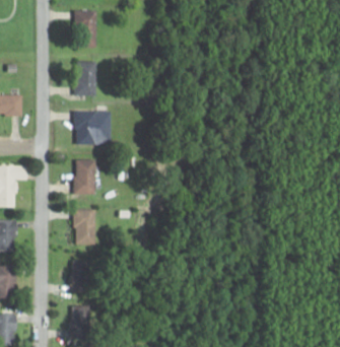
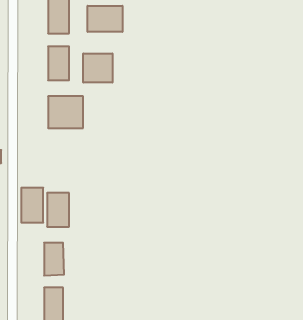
building: none -> [88,6,122,32]
building: none -> [83,53,112,83]
building: [74,159,96,195] -> [21,188,43,223]

